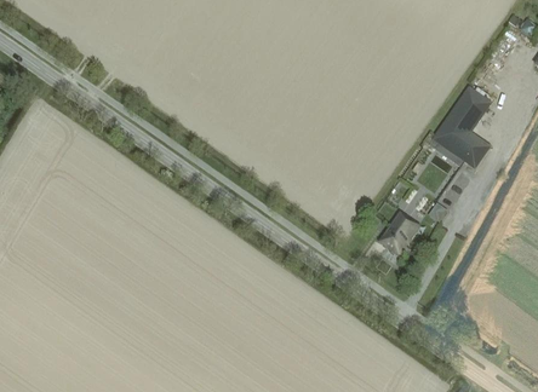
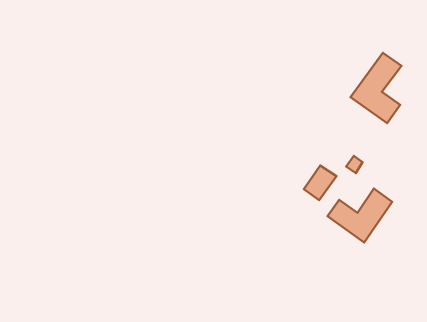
building: none -> [327,189,392,243]

